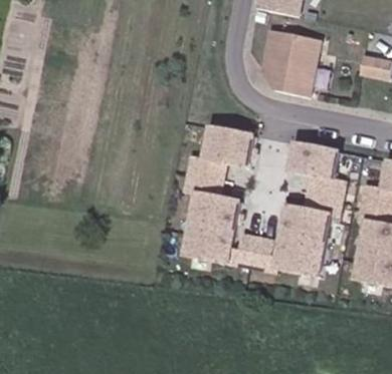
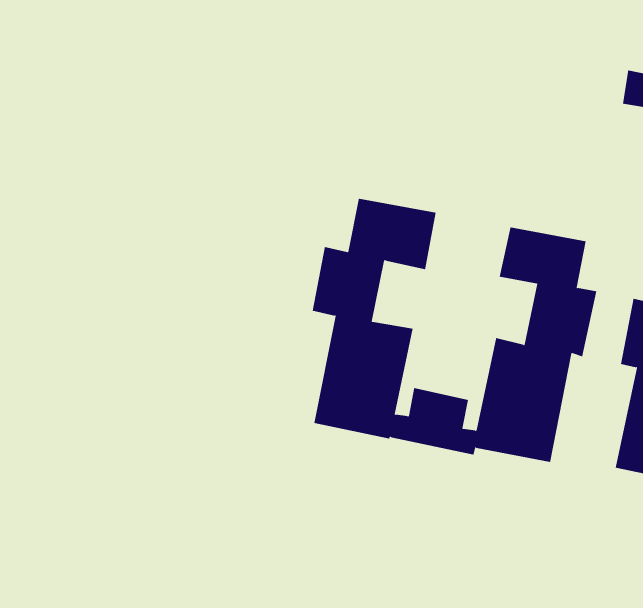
building: [260,28,319,95] -> none

